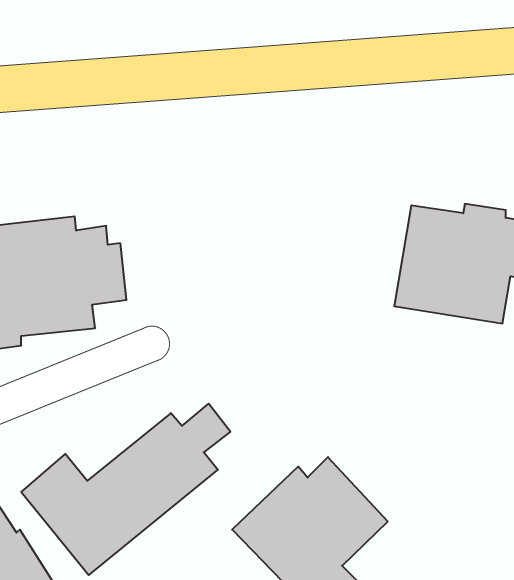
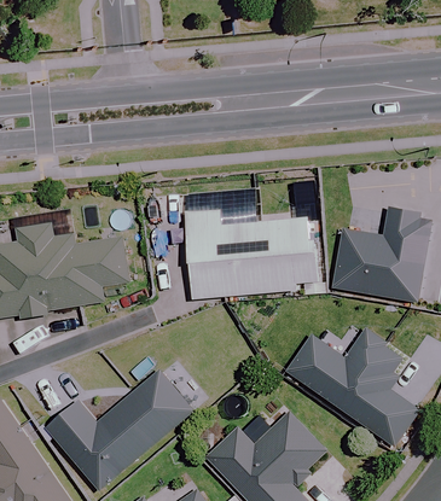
building: none -> [184,203,321,302]
building: none -> [279,332,417,447]

